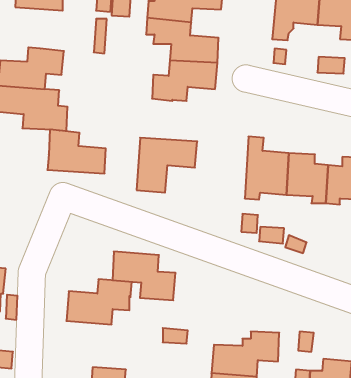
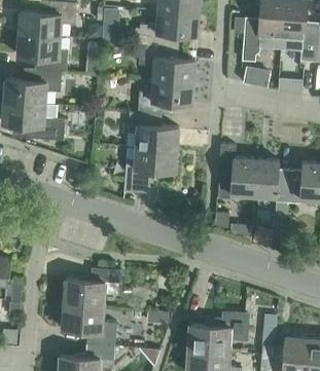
building: none -> [17,33,68,71]
building: [47,129,106,173] -> [128,111,178,149]
building: [113,252,176,300] -> [63,304,117,346]

